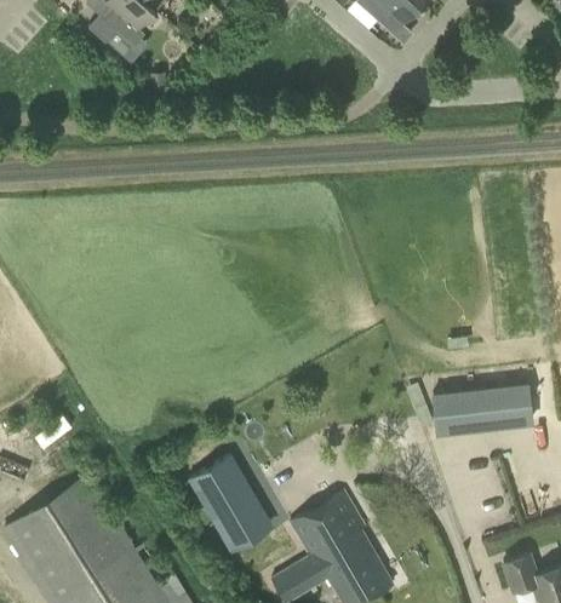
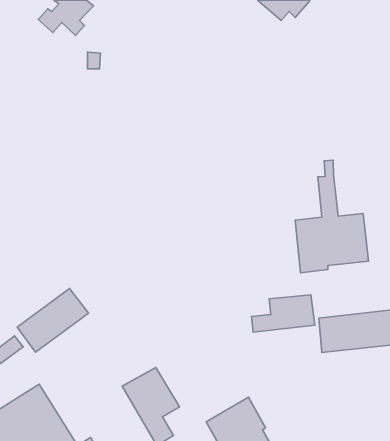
building: none -> [295,160,369,273]
building: none -> [17,289,89,352]
building: none -> [251,295,315,332]

